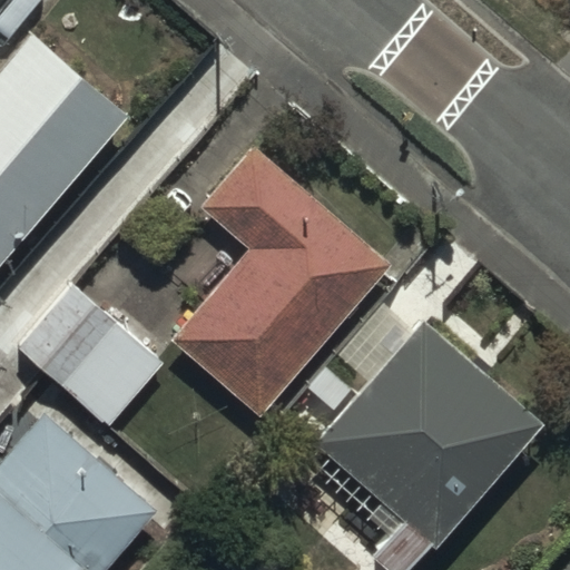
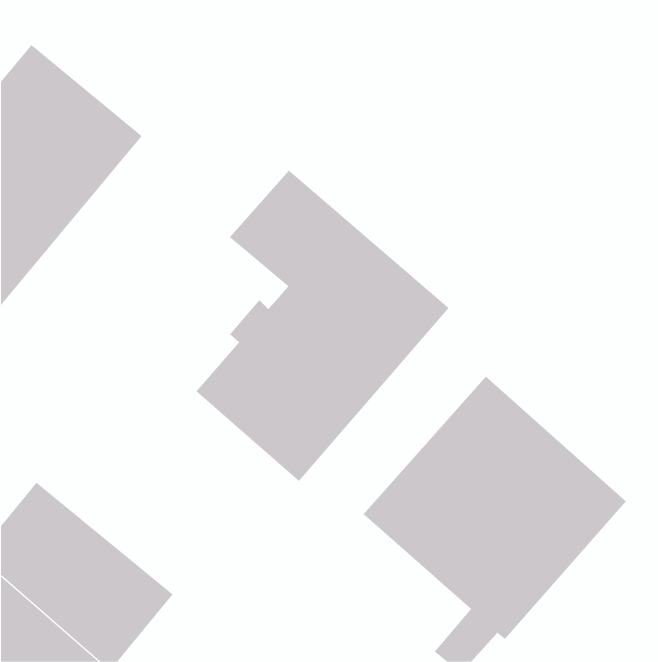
building: [14,284,164,426] -> none

